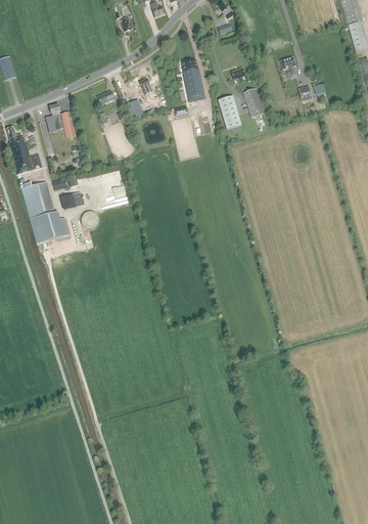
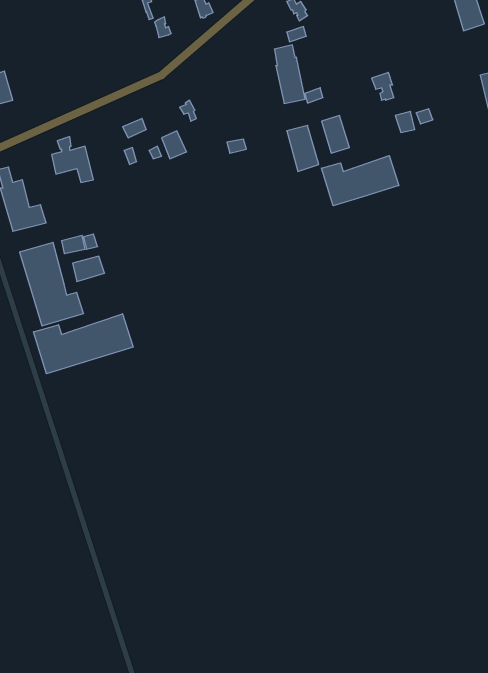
building: [182,58,204,101] -> [274,45,305,103]
building: none -> [322,156,399,206]
building: none -> [34,314,133,374]

